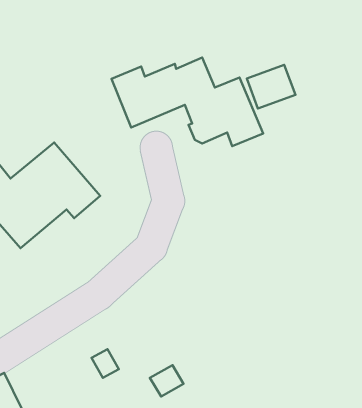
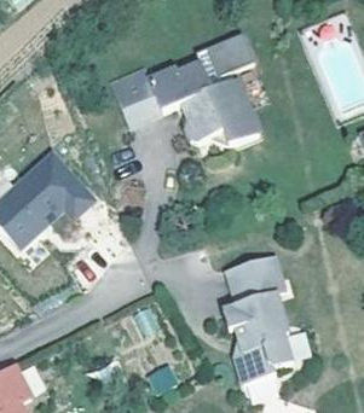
building: [247,65,295,108] -> [206,34,253,76]
building: none -> [223,255,289,383]

